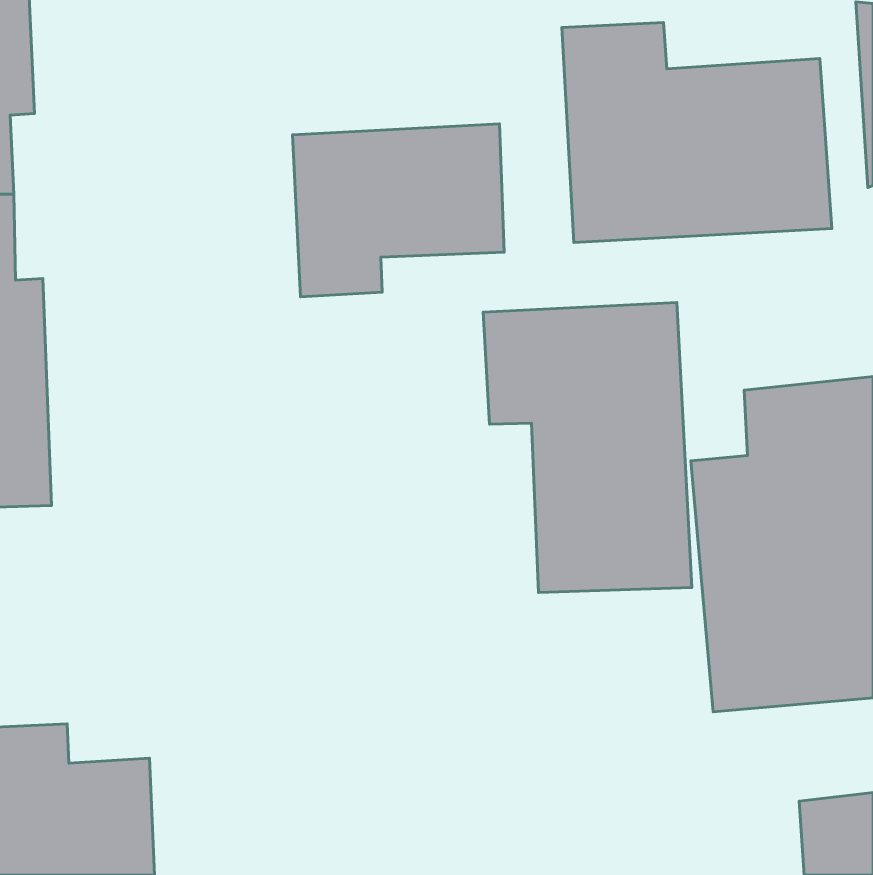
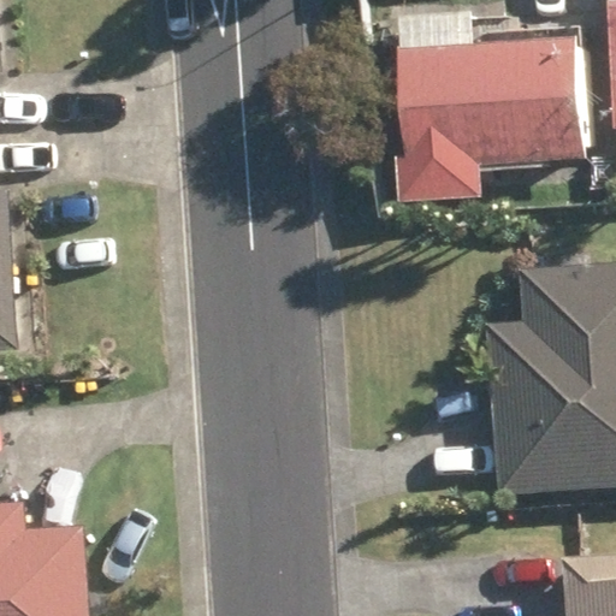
building: [292,124,504,297] -> none
building: [483,302,692,593] -> none

